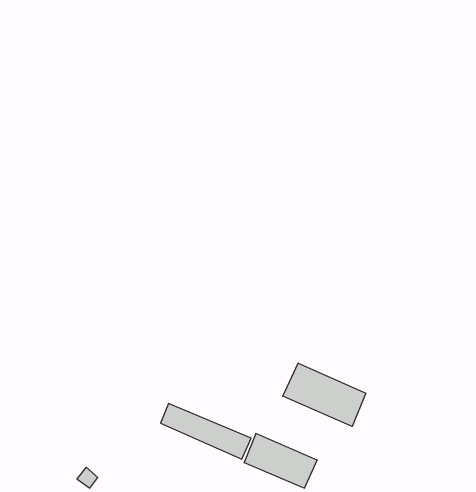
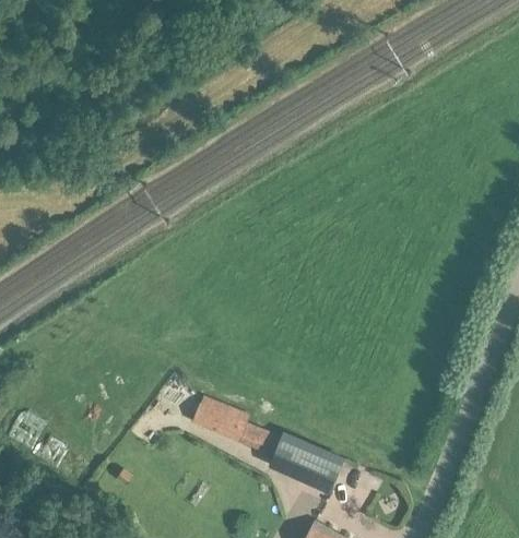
building: [283,363,366,426] -> none

